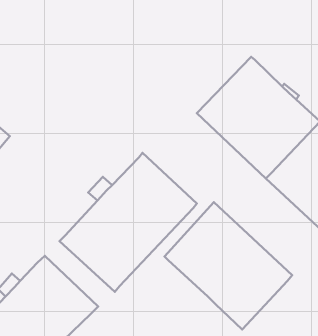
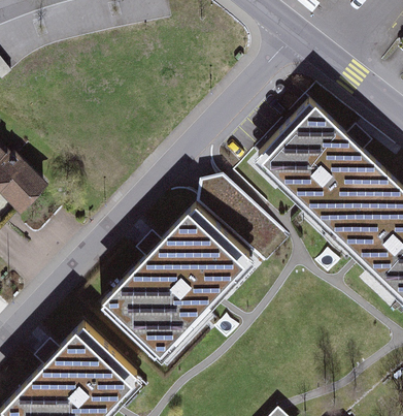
building: none -> [193,175,287,269]
building: [165,202,292,329] -> none

